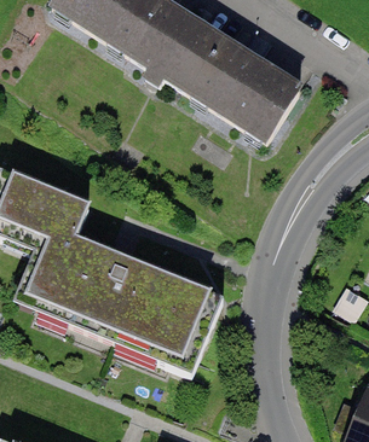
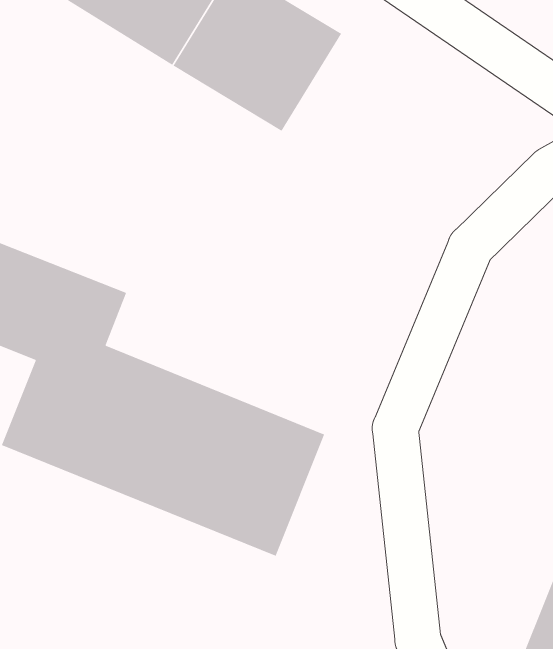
building: [191,36,299,143] -> none

